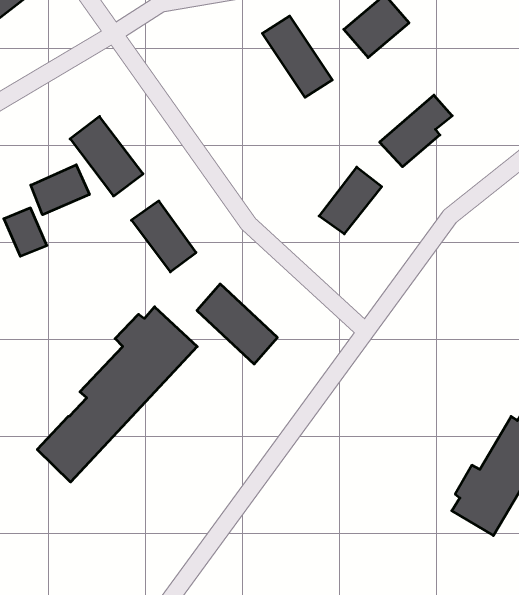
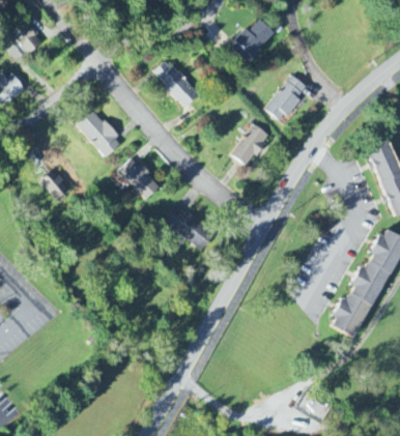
building: [262,16,332,97] -> [152,59,198,108]
building: [31,165,89,215] -> none
building: [37,307,197,482] -> none

